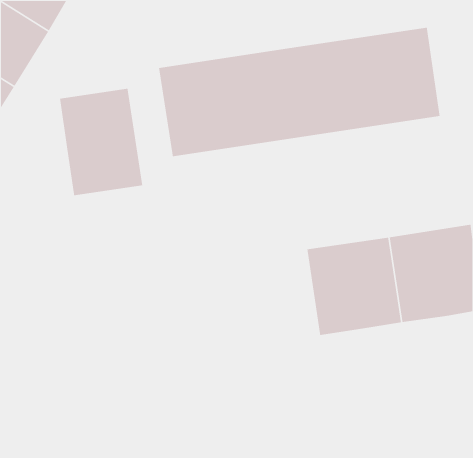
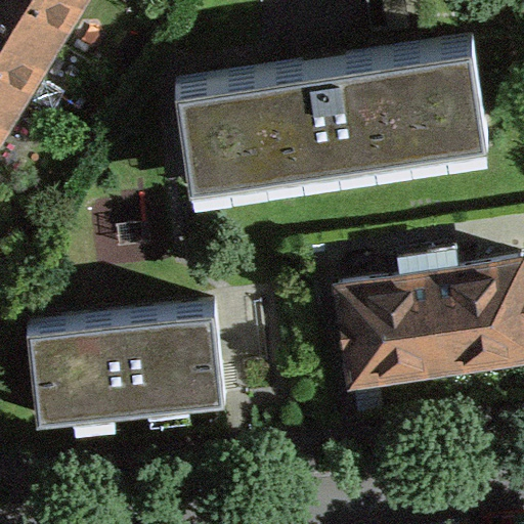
building: [59,88,143,196] -> none
building: none -> [27,311,225,426]

